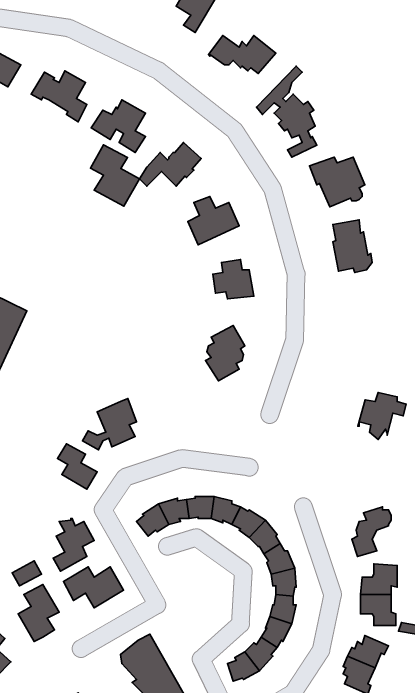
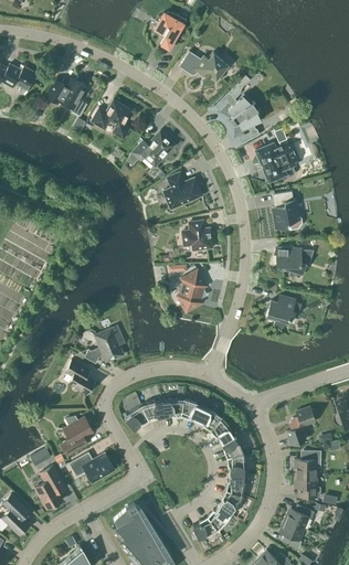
building: [90,145,140,206] -> none
building: none -> [274,246,314,275]
building: [358,393,406,439] -> [265,296,302,331]

